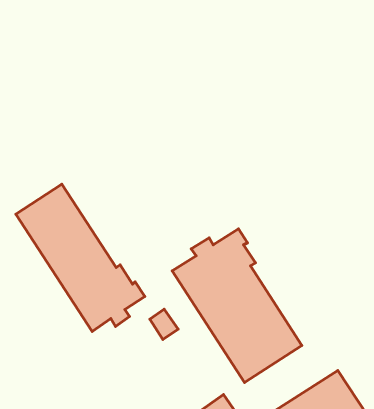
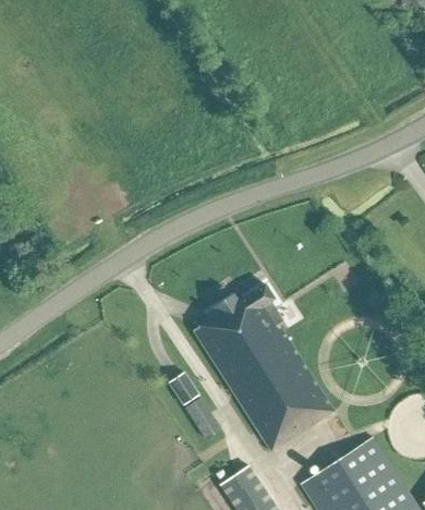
building: [16,184,145,331] -> none
building: none -> [184,397,221,438]

